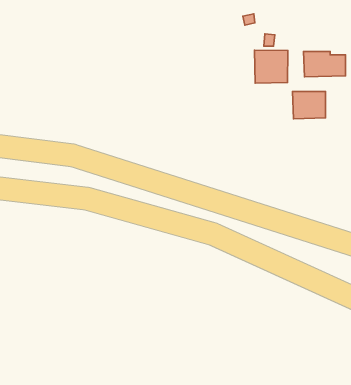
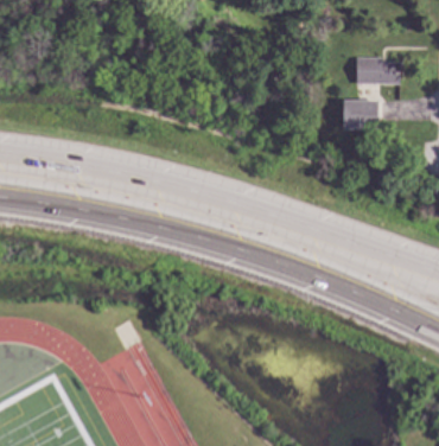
building: [254,50,288,83] -> none

